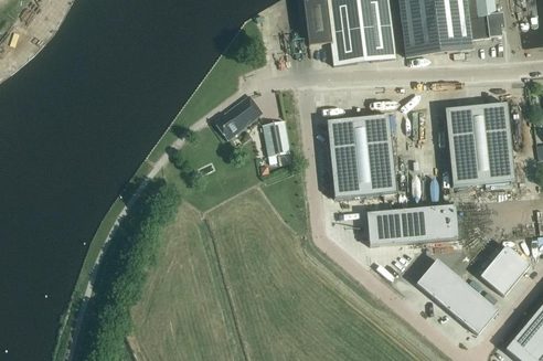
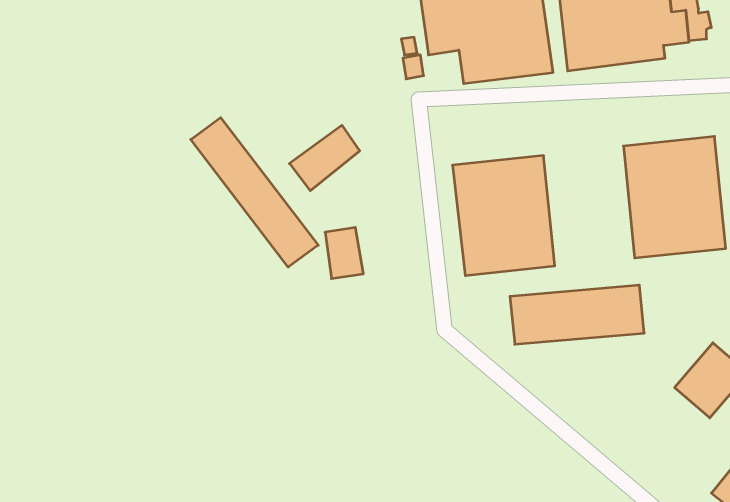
building: none -> [191,118,318,267]
building: [263,119,289,155] -> [325,227,363,279]
building: [417,257,499,332] -> none

